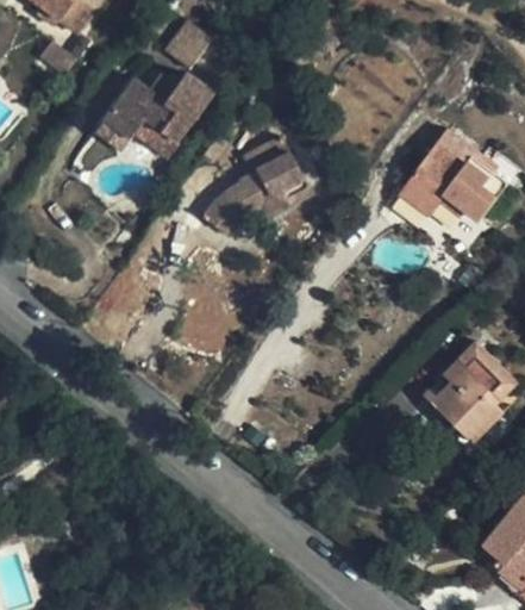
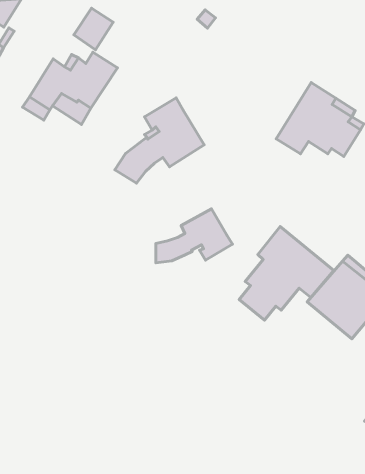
building: none -> [156,209,232,263]
building: none -> [239,226,334,320]

